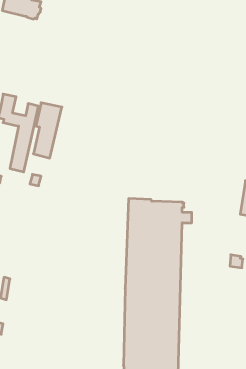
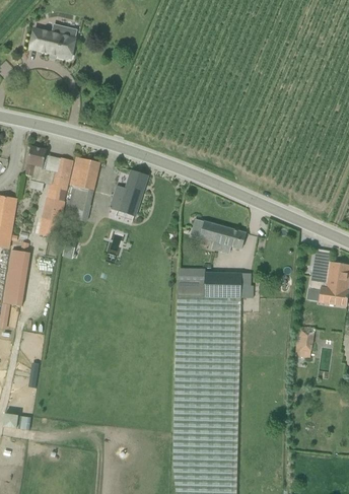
building: none -> [114,169,149,216]
building: none -> [192,218,247,253]

